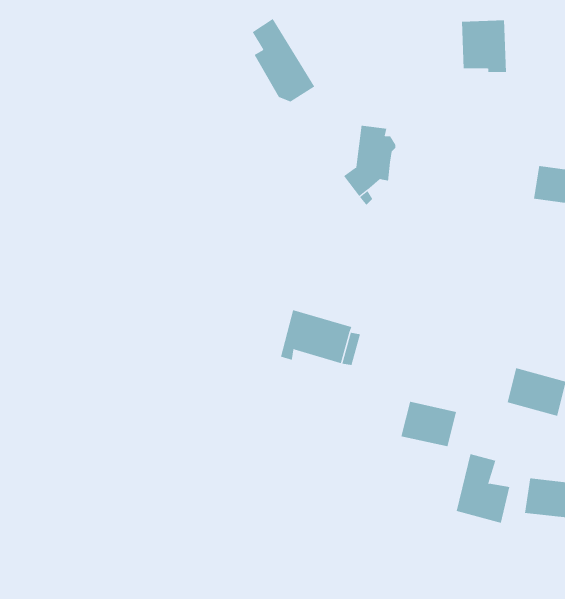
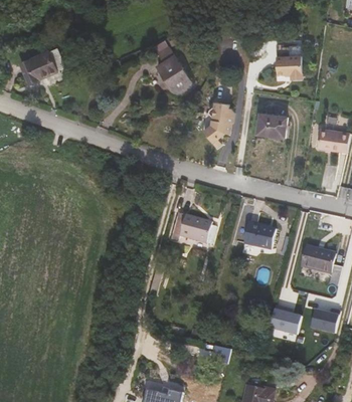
building: none -> [19,47,64,81]
building: none -> [257,112,288,138]
building: [401,401,457,447] -> [244,222,277,248]

